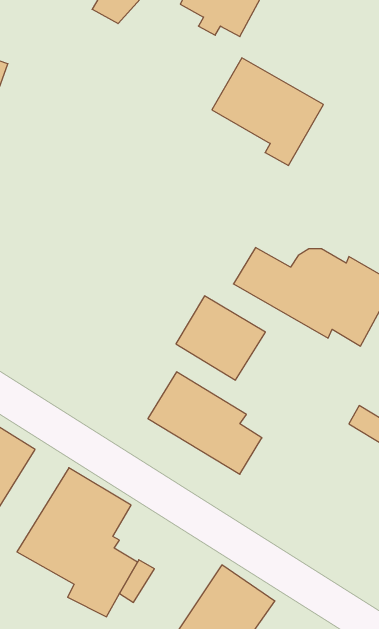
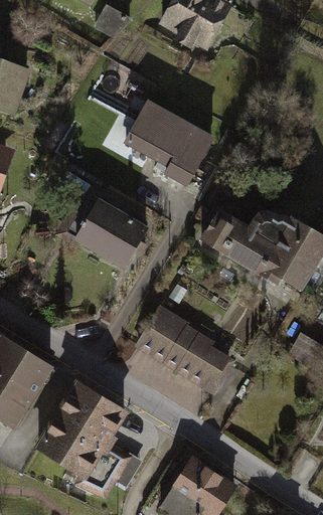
building: [212,58,323,165] -> [125,101,211,184]
building: [176,296,265,380] -> [76,200,146,266]

